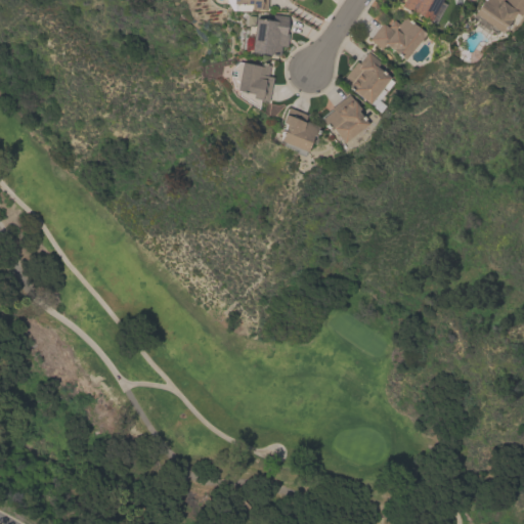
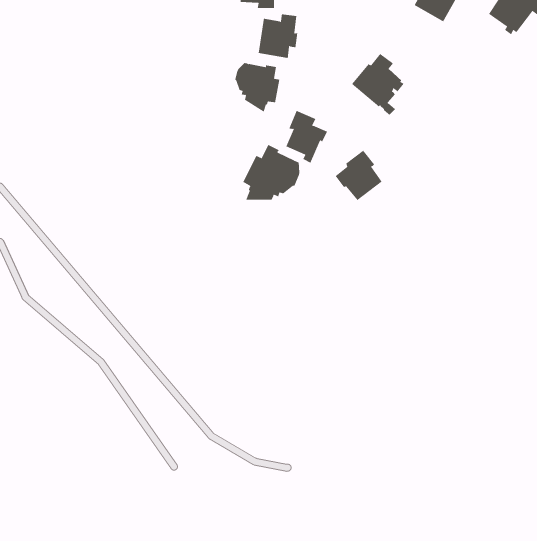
building: [372,16,429,59] -> none
building: [323,94,369,143] -> [335,150,383,201]
building: none -> [243,144,300,201]

